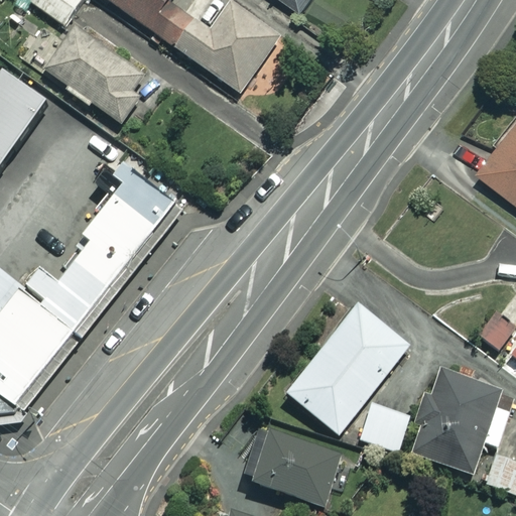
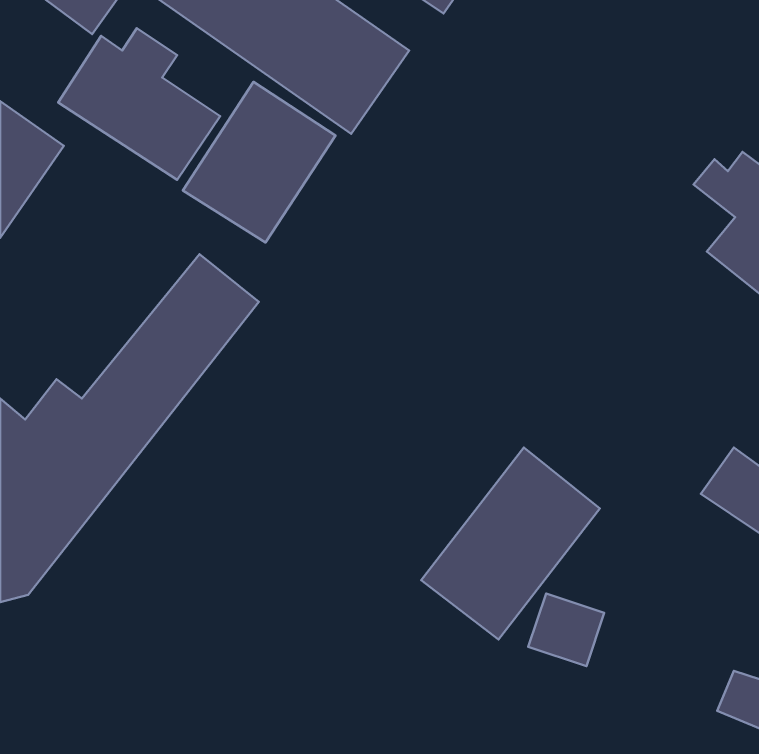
building: none -> [183,82,335,243]
building: [414,371,510,472] -> none
building: [249,429,340,506] -> none

